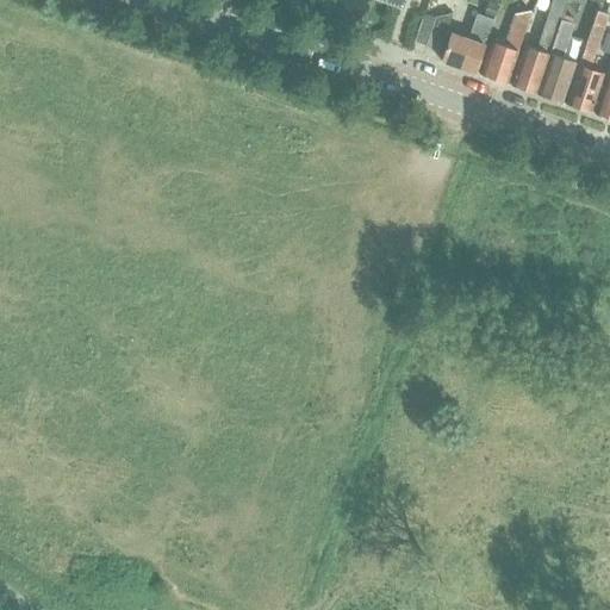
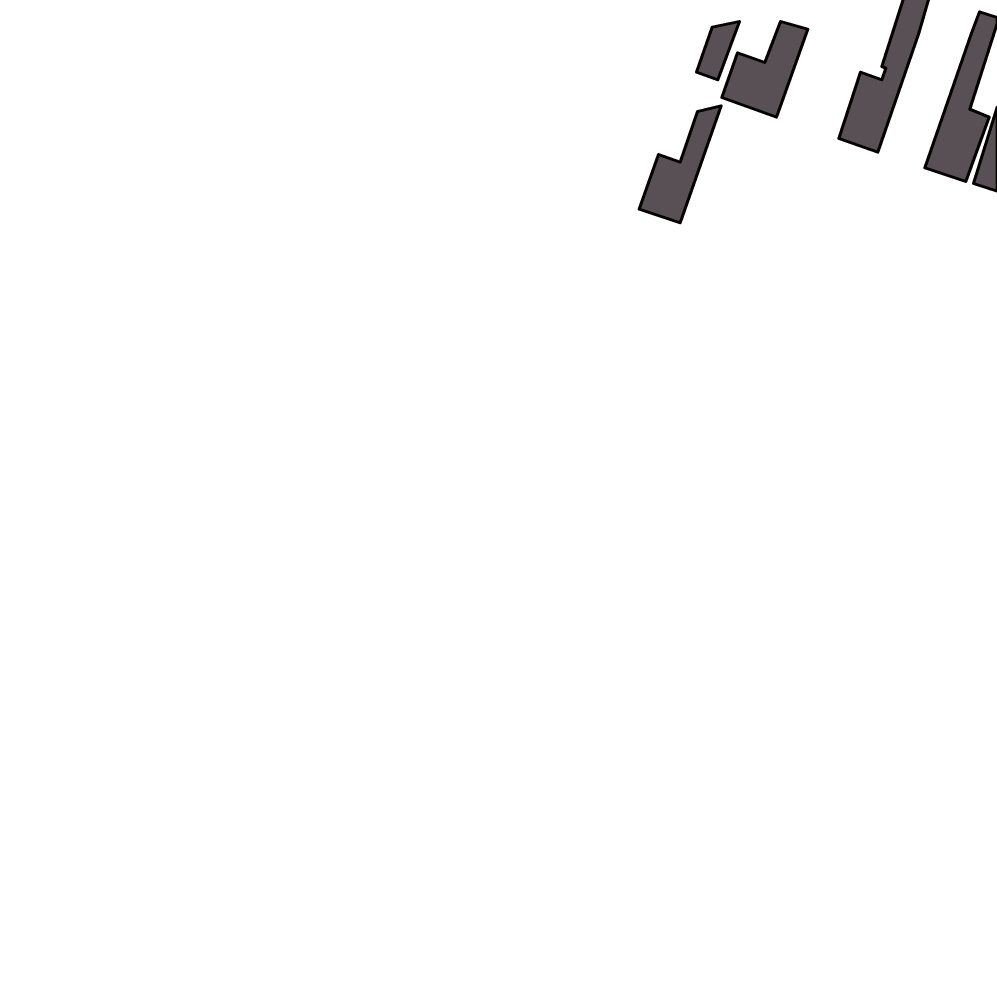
building: [481,11,531,82] -> [639,106,721,223]
building: [536,20,580,100] -> none

